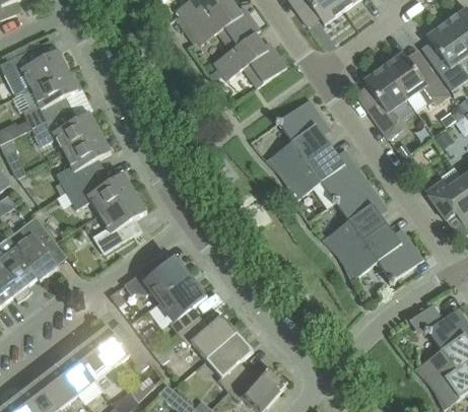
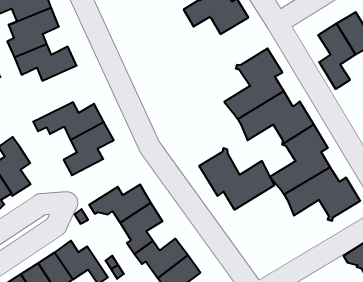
building: [56,132,111,197] -> none
building: none -> [199,148,274,210]

